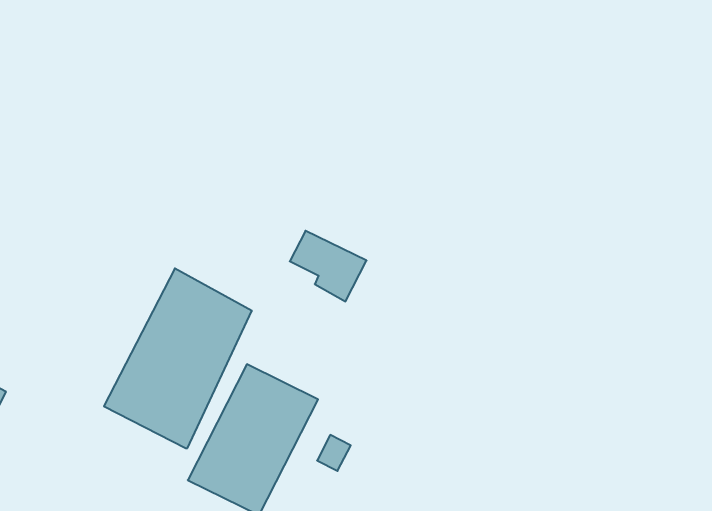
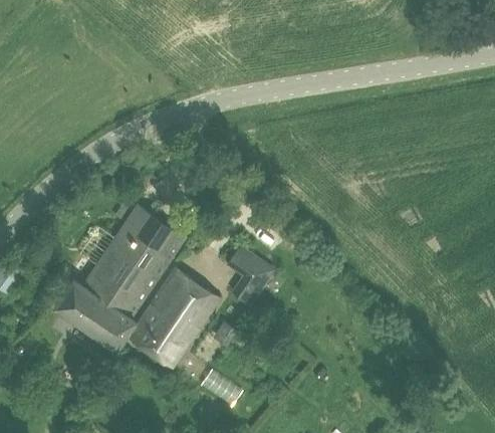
building: [290,231,367,301] -> [226,244,274,291]
building: none -> [53,278,134,348]

